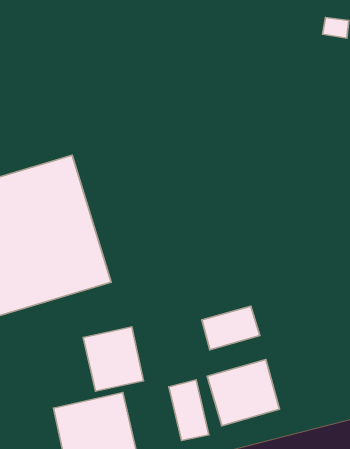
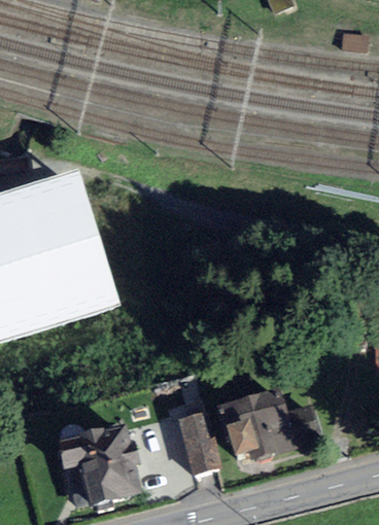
building: [202,306,260,350] -> none
building: [83,327,143,391] -> none

